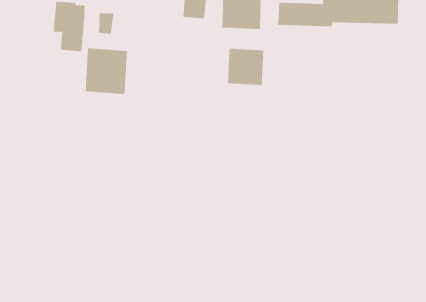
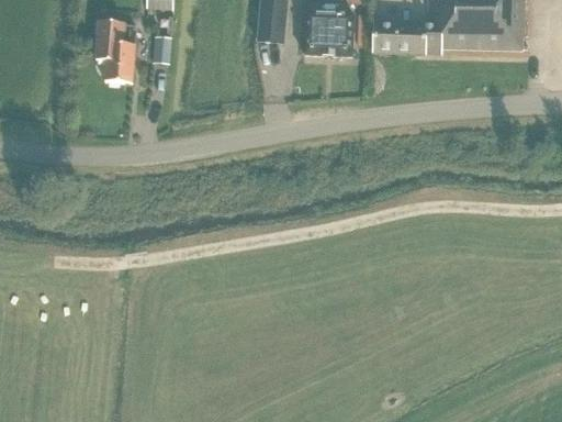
building: [85,48,128,95] -> none
building: [227,48,264,86] -> none

